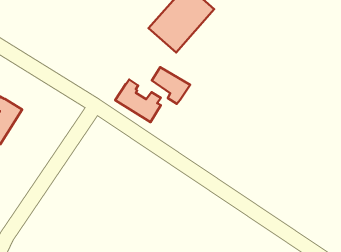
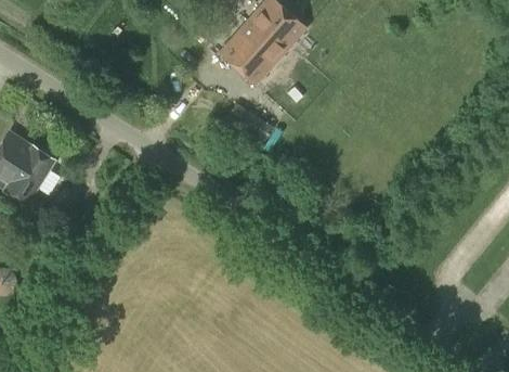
building: [115,80,161,122] -> none

